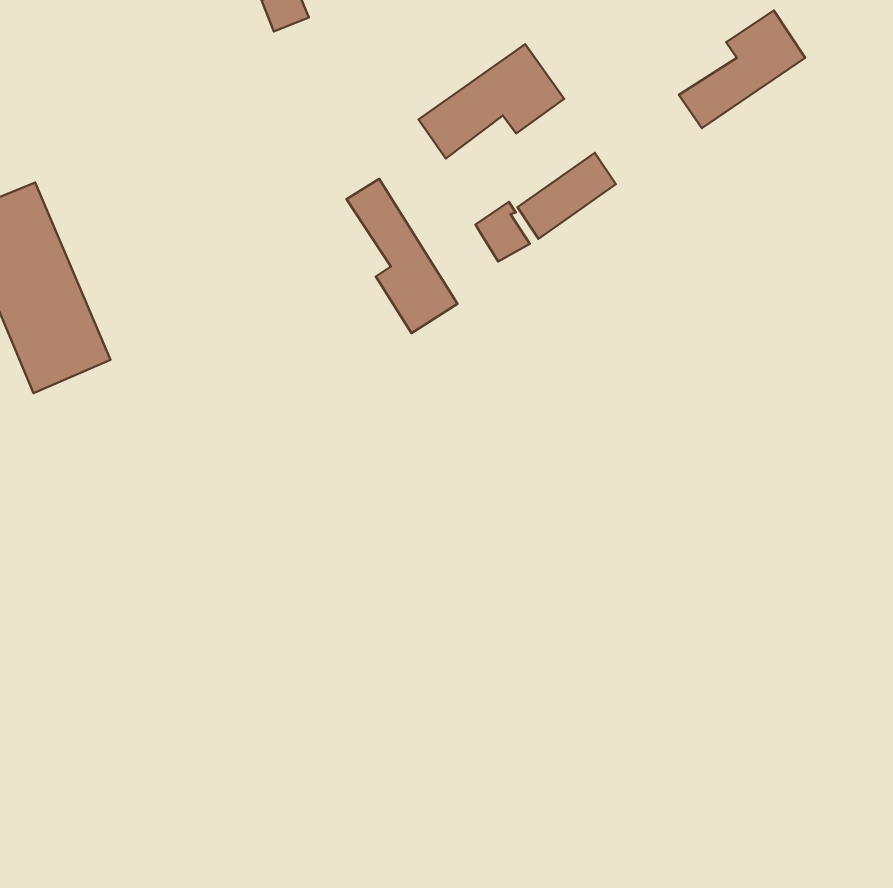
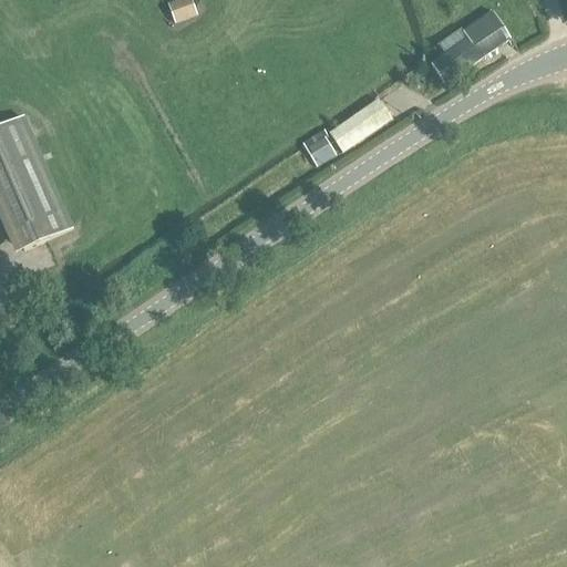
building: [418,44,564,158] -> none
building: [346,179,457,333] -> none

